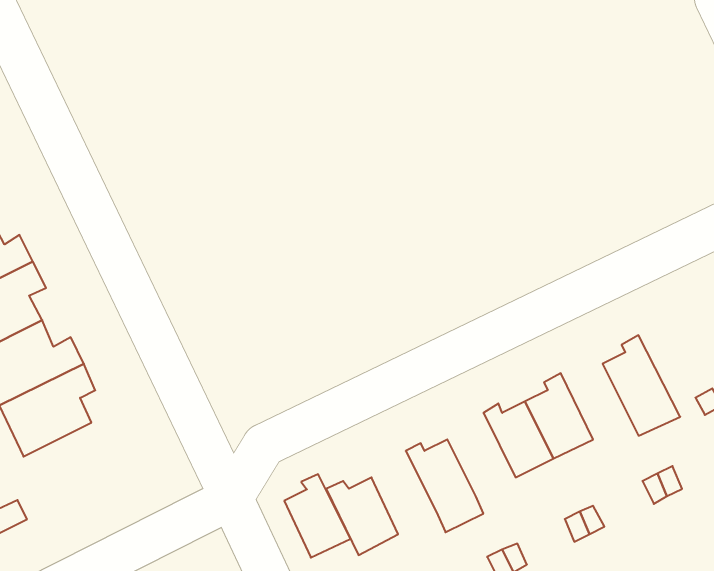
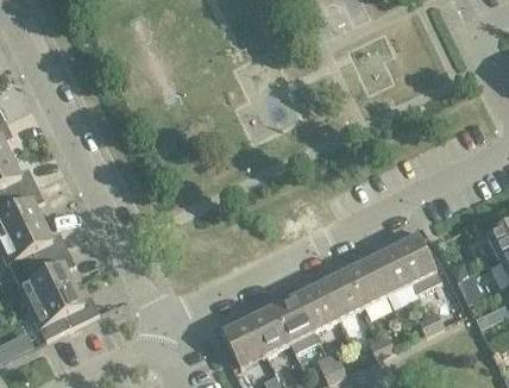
building: none -> [367,248,411,295]
building: none -> [296,279,339,331]
building: none -> [30,284,99,339]
building: [284,474,350,558] -> [249,302,290,355]

